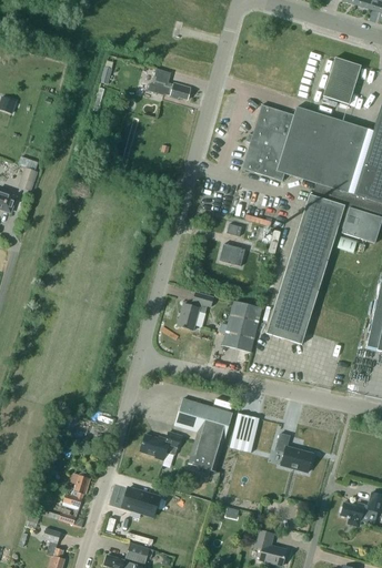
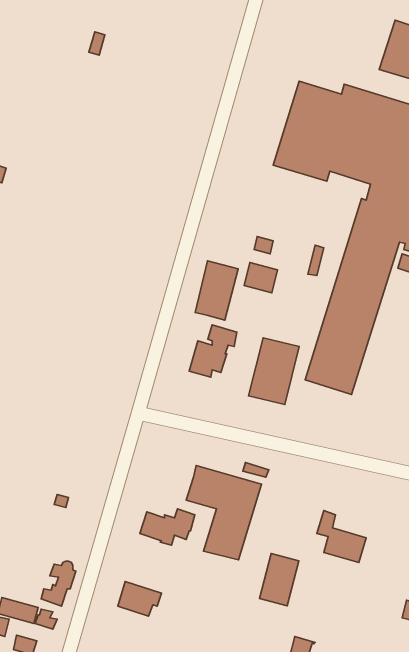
building: [148,69,190,100] -> none
building: none -> [195,261,238,320]
building: [229,413,259,453] -> [260,554,299,606]

